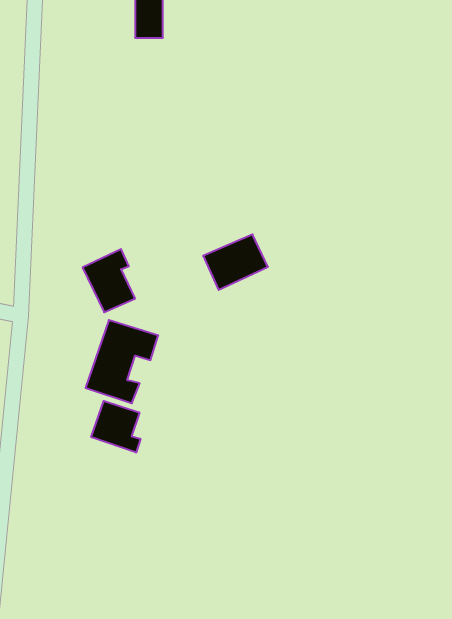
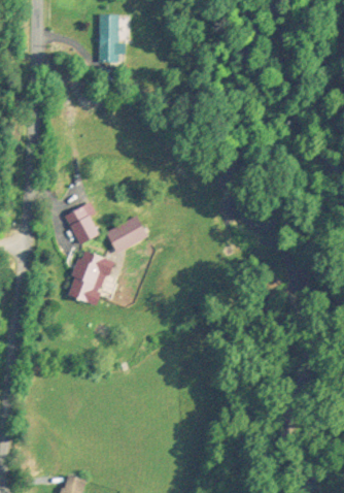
building: [203,234,268,290] -> [107,216,150,253]
building: [91,401,140,453] -> none

